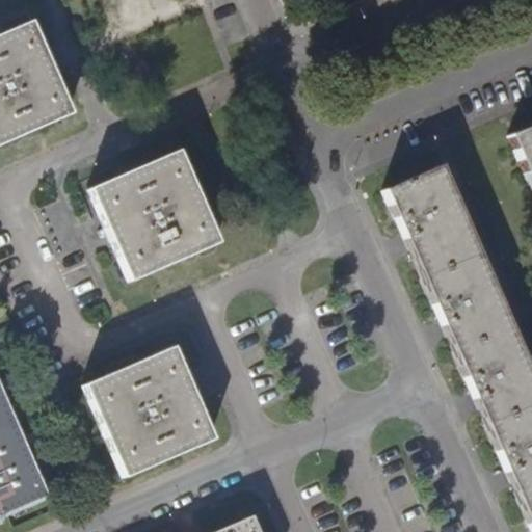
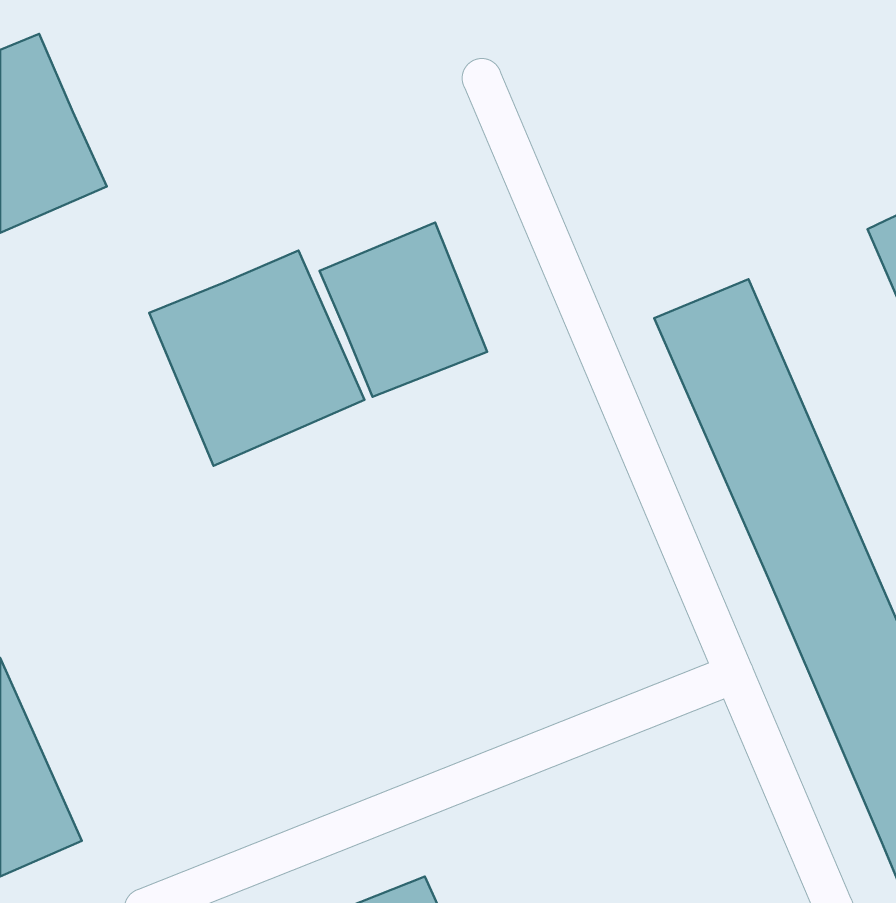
building: none -> [320,223,487,397]
building: [86,347,212,473] -> none

